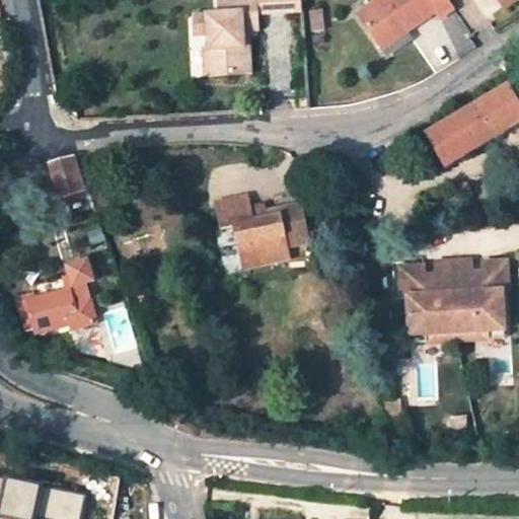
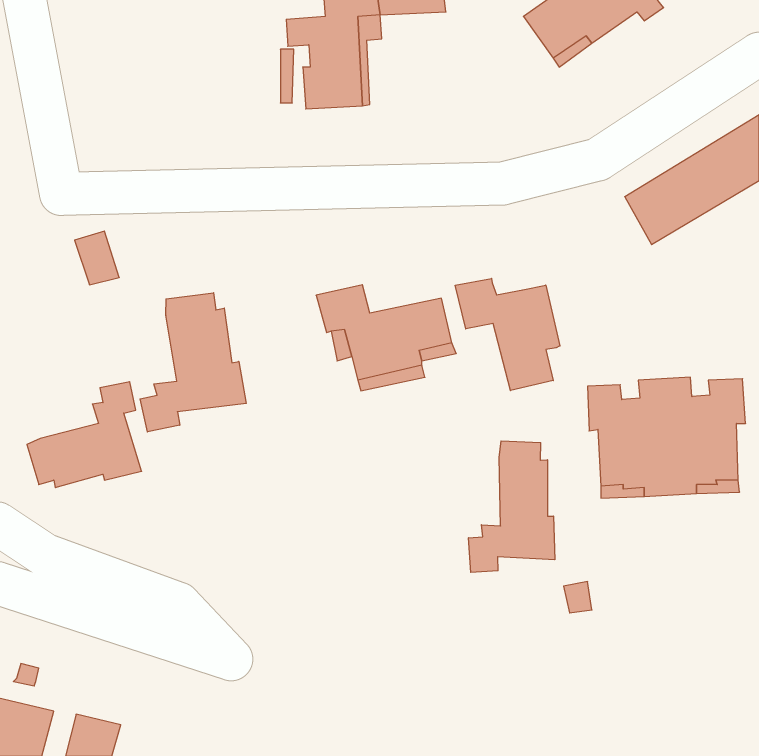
building: none -> [455,278,560,391]
building: none -> [140,293,246,432]
building: none -> [469,441,555,572]

